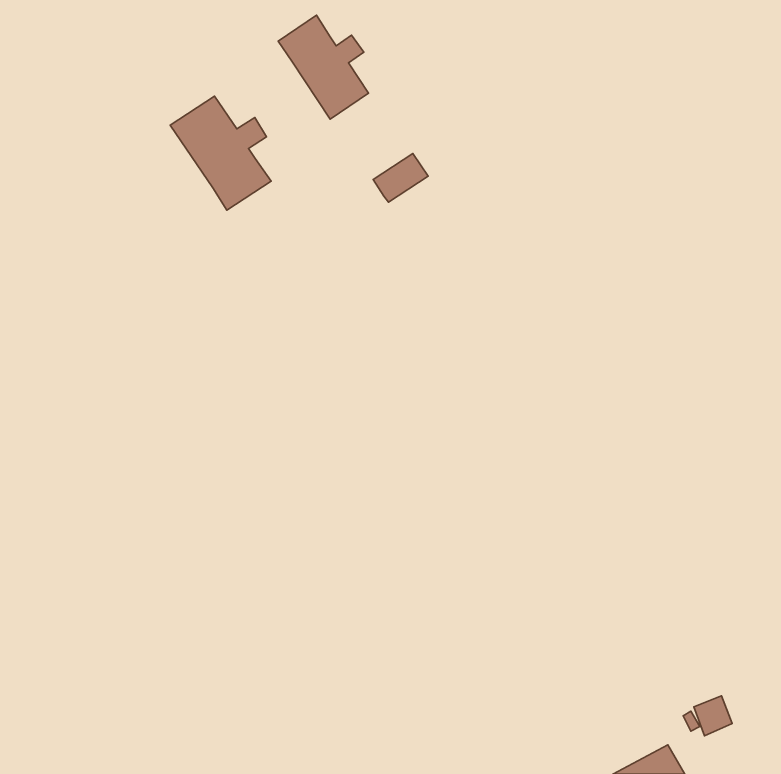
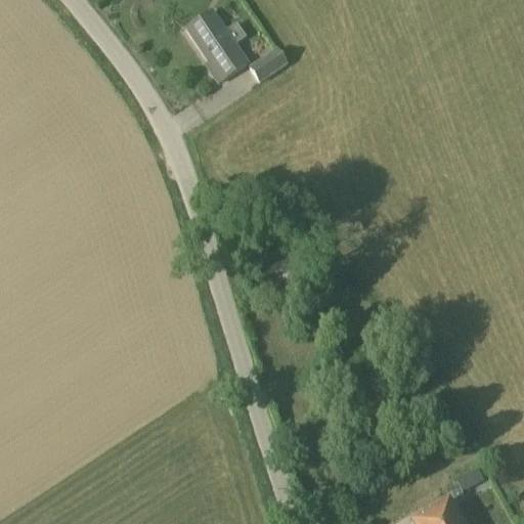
building: [170,96,271,210] -> none
building: [373,153,428,202] -> [250,49,287,82]

